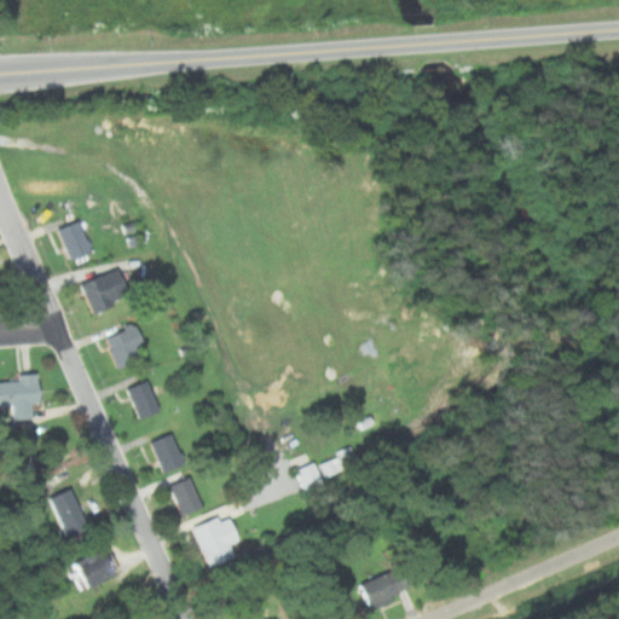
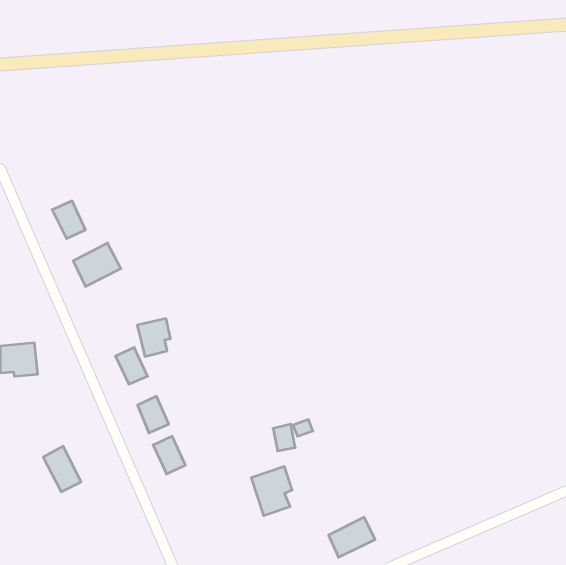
building: [108,328,144,369] -> [137,319,170,356]
building: [193,516,238,569] -> [251,467,292,515]
building: [73,548,118,592] -> none

